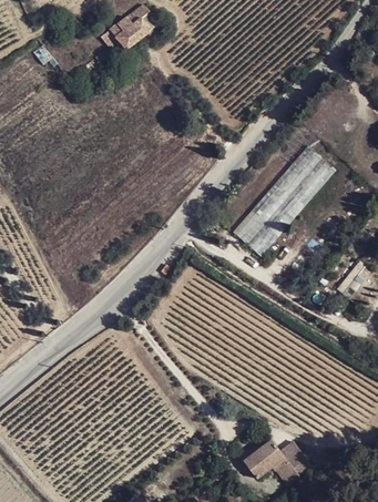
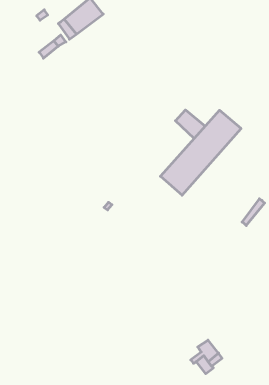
building: none -> [175,110,205,138]
building: [242,440,283,478] -> none

